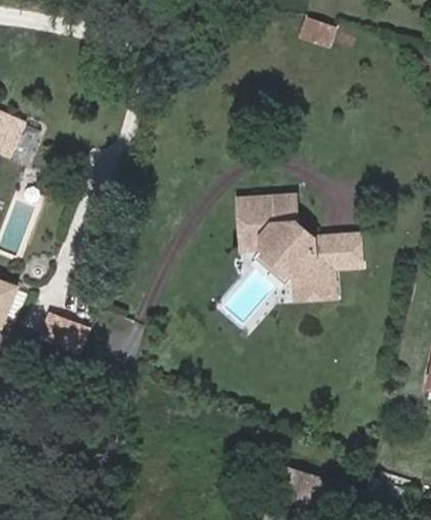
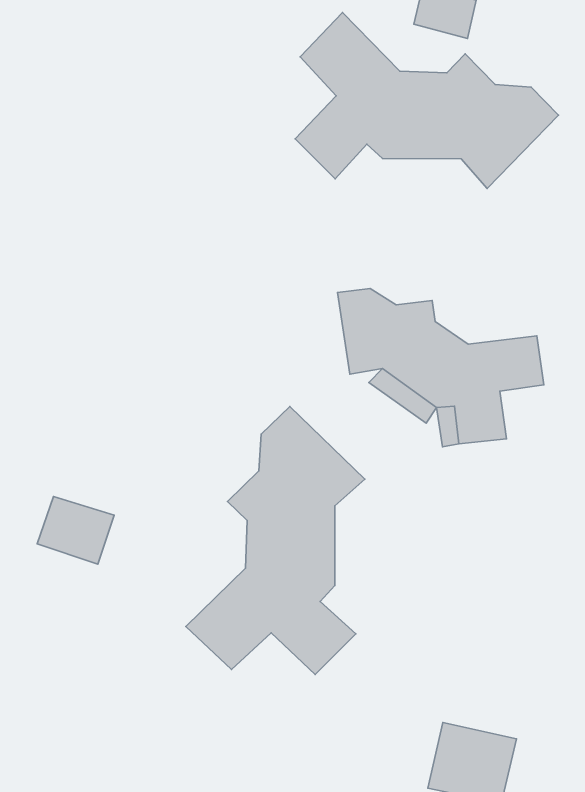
building: none -> [295,12,558,189]
building: none -> [186,407,365,675]

